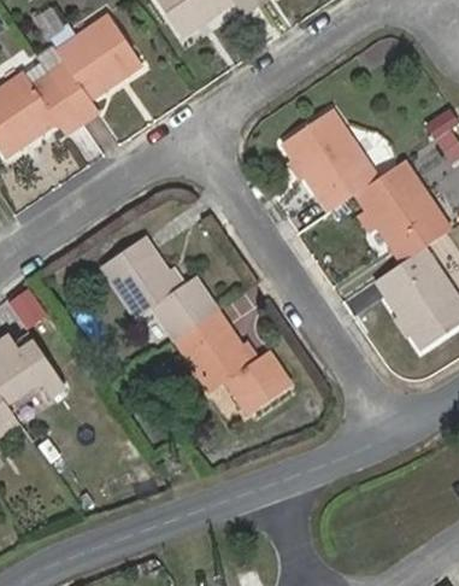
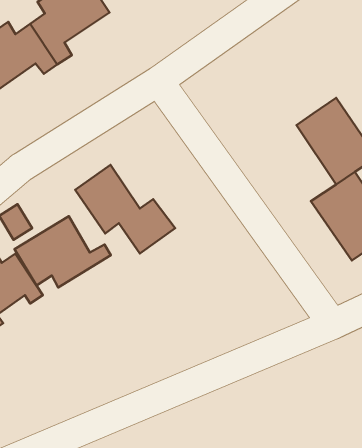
building: [282,110,376,211] -> none
building: none -> [15,216,111,287]
building: [176,311,289,412] -> none

